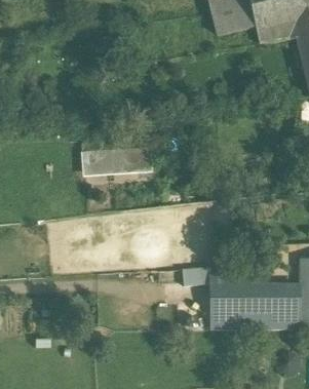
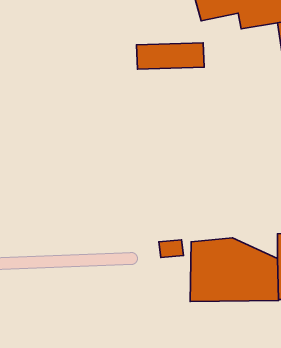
building: [76,146,147,173] -> [137,43,204,69]

